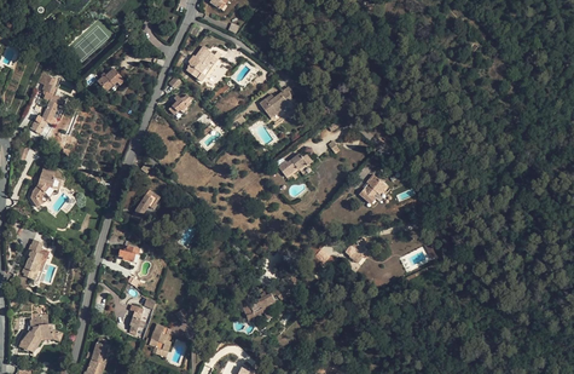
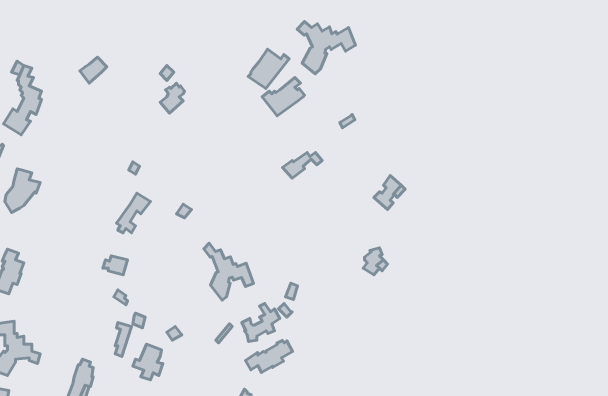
building: none -> [297,22,355,74]
building: [185,46,221,81] -> [248,49,289,89]
building: none -> [204,243,253,300]
building: none -> [245,341,293,373]

